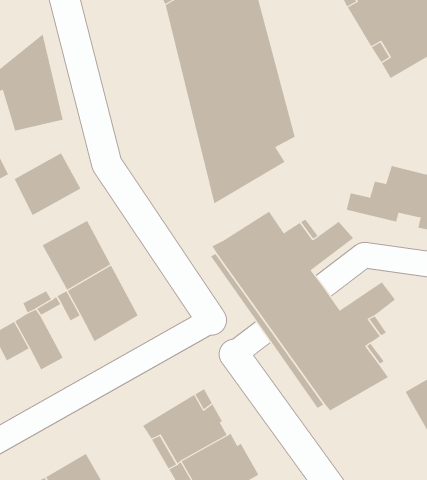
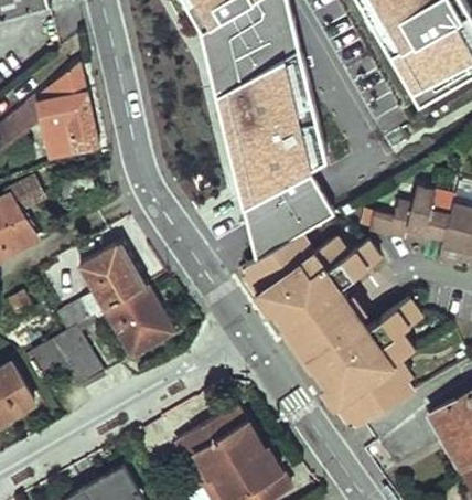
building: [14,153,81,216] -> none
building: none -> [246,184,331,260]

